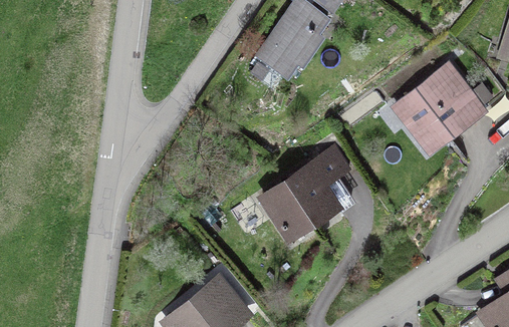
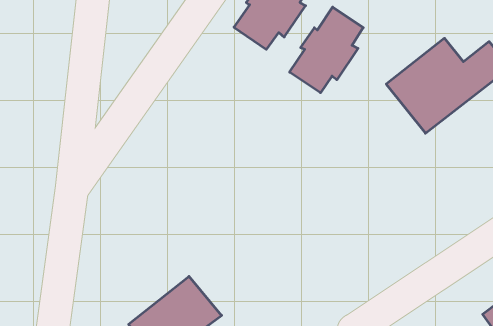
building: none -> [290,7,363,93]
building: [261,146,349,236] -> none

